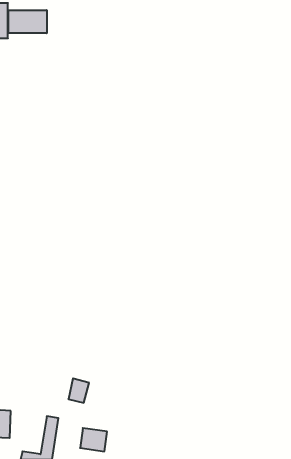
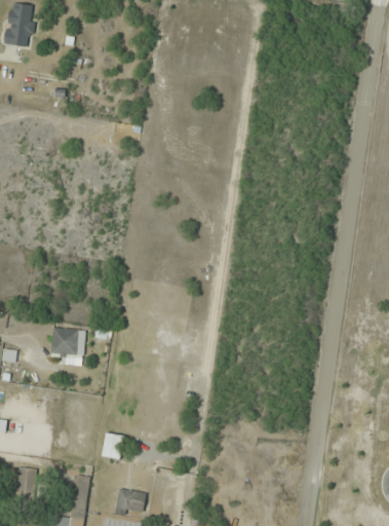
building: [8,10,47,33] -> none
building: none -> [51,328,85,358]

